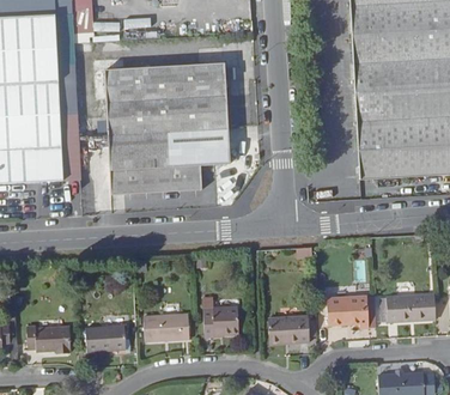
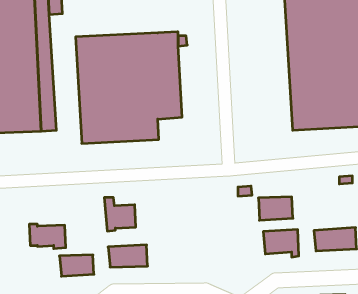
building: [201,297,238,336] -> [104,198,136,231]
building: [268,316,309,344] -> [258,197,293,220]
building: [26,324,69,353] -> [29,224,66,249]

